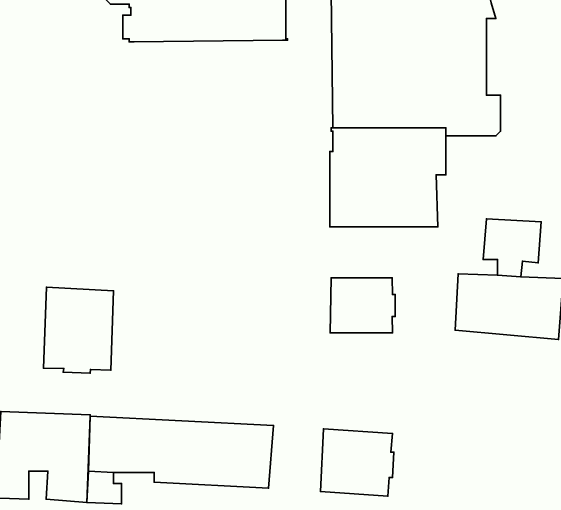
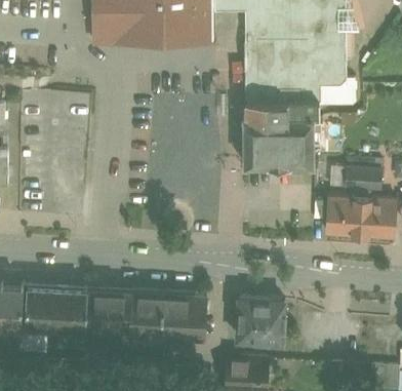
building: [330,278,395,333] -> none
building: [43,287,113,373] -> none

